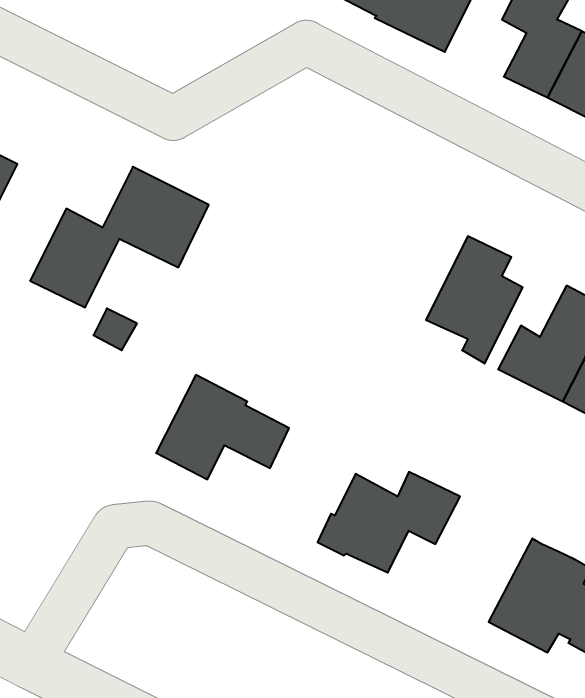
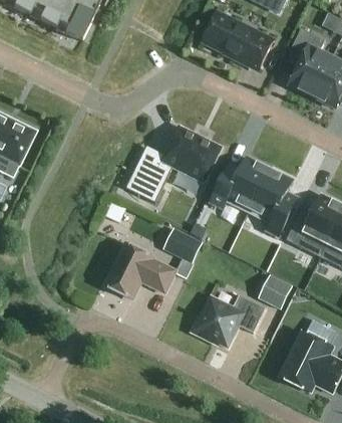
building: [30,167,209,307] -> [125,127,220,201]
building: none -> [211,157,270,213]
building: none -> [164,226,204,262]
building: none -> [259,274,292,308]

